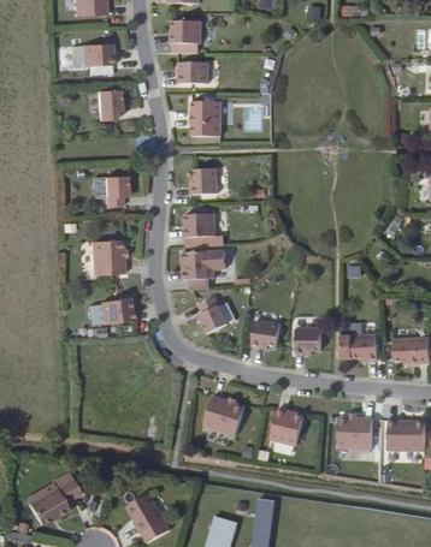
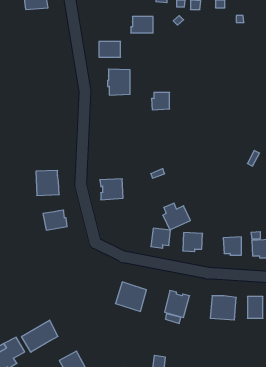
building: [171,20,202,43] -> [131,17,153,33]
building: [83,43,113,65] -> none
building: [100,89,123,120] -> none
building: [193,170,218,194] -> [151,92,170,110]
building: [106,178,128,208] -> none
building: [184,212,216,236] -> none
building: [200,298,238,335] -> [163,203,190,230]
building: none -> [22,320,58,352]

